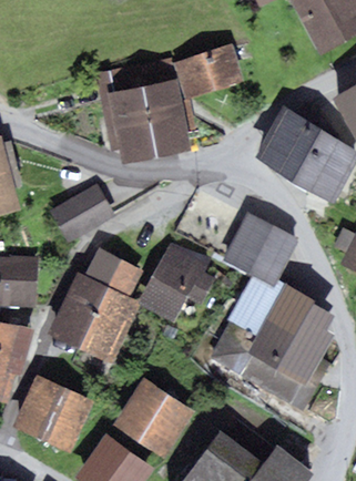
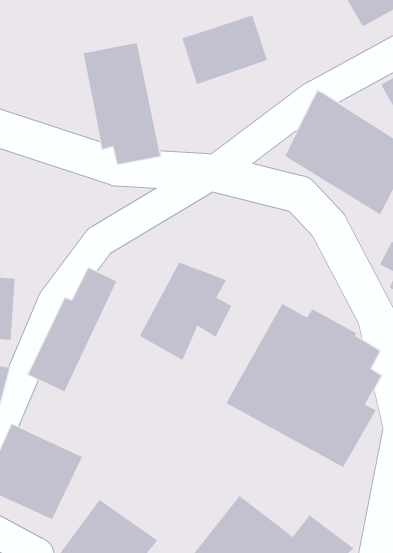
building: [138,58,190,157] -> none
building: [49,183,115,242] -> none
building: [222,211,298,287] -> none
building: [79,258,142,362] -> none
building: [112,378,193,458] -> none

